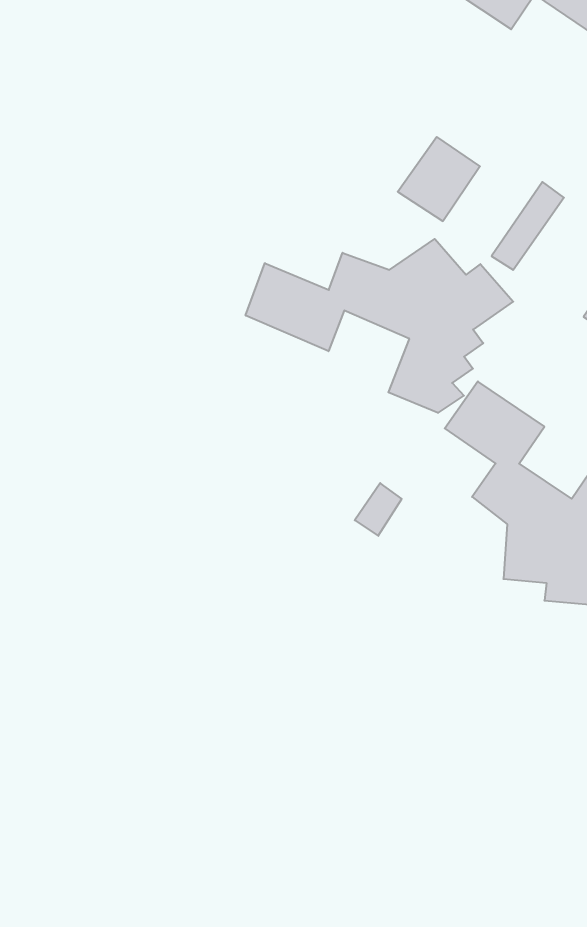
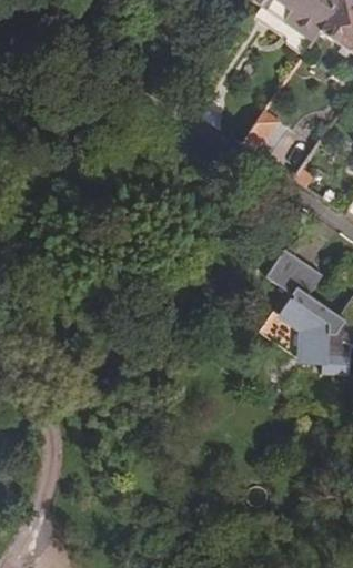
building: [246,239,513,413] -> none

